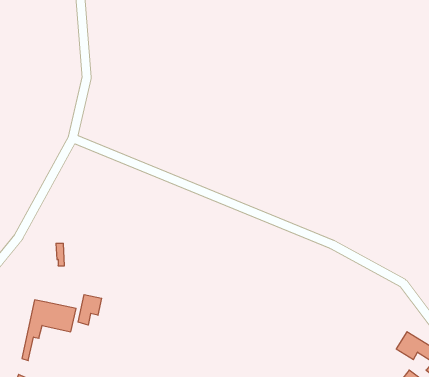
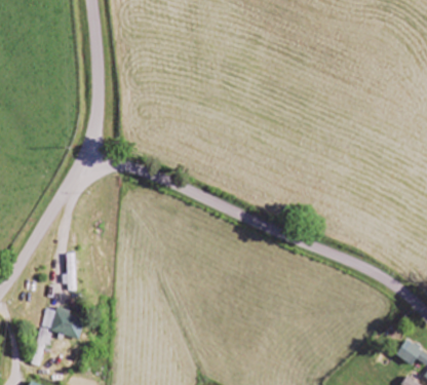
building: [78,295,102,325] -> none

